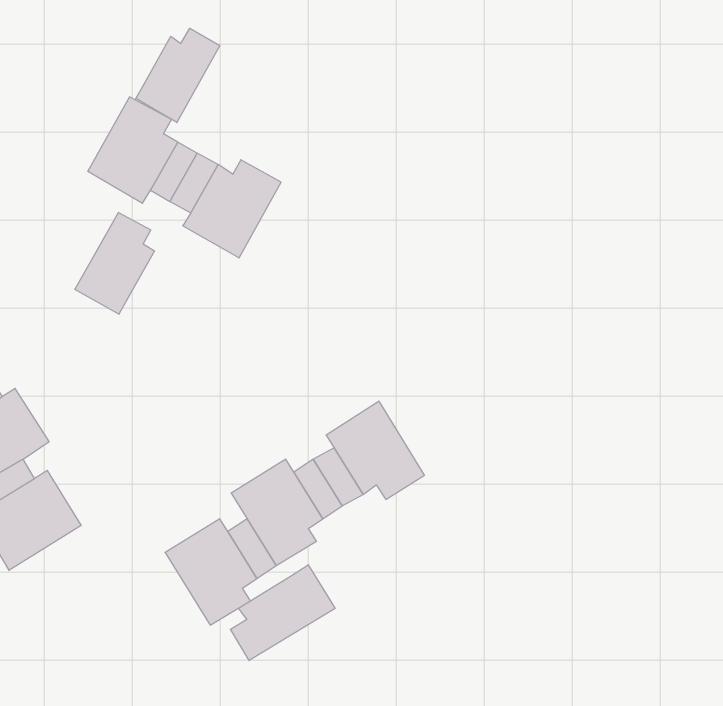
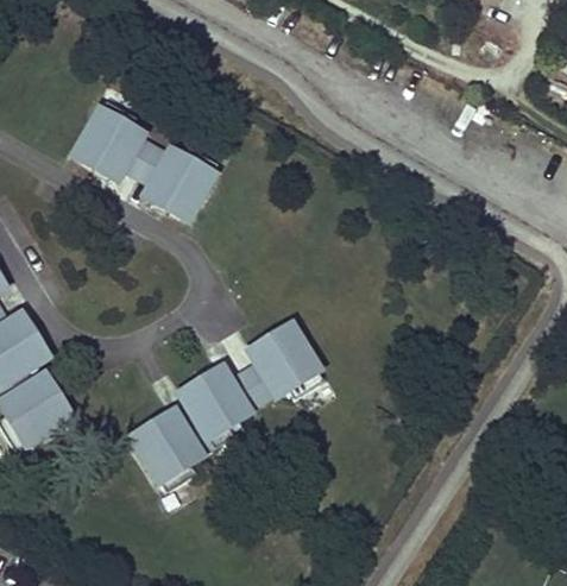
building: [136,28,220,123] -> none
building: [75,212,155,314] -> none
building: [230,565,335,661] -> none

